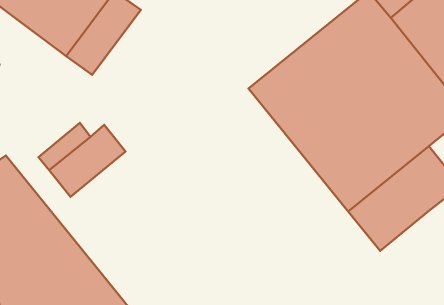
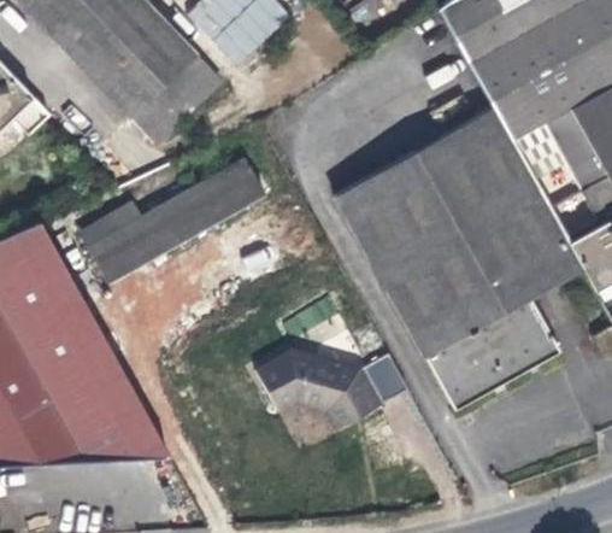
building: none -> [159,158,264,241]
building: none -> [258,332,410,433]

